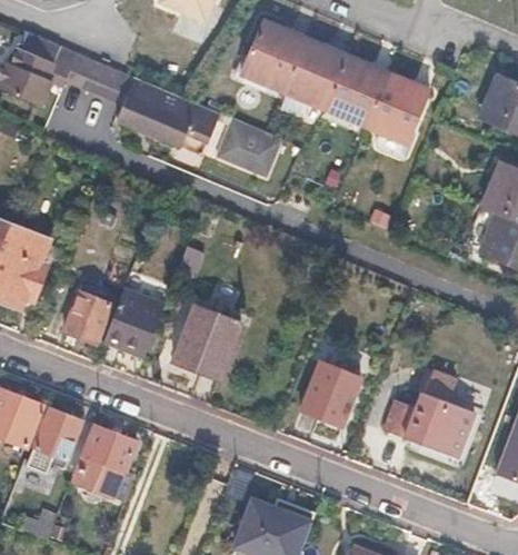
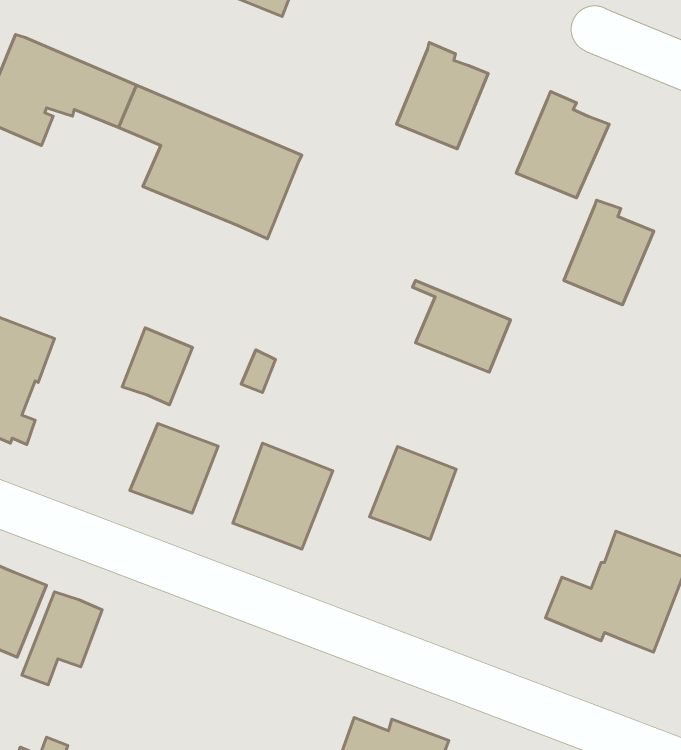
building: [241,19,303,91] -> none
building: [323,53,385,125] -> [564,200,654,305]
building: [216,112,282,175] -> [412,281,511,372]
building: [63,290,111,343] -> [122,328,193,405]
building: [299,361,358,425] -> [370,446,456,540]
building: [71,428,138,504] -> none

